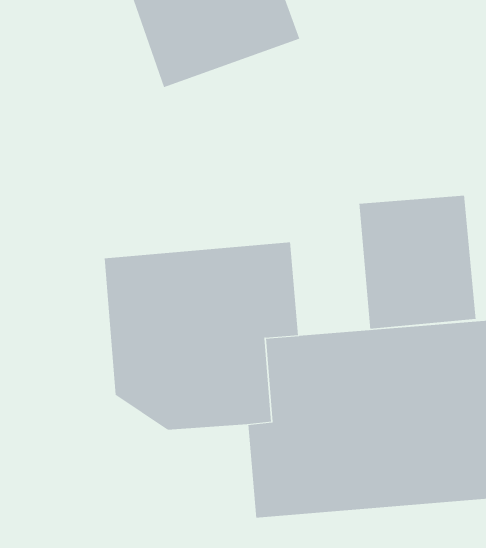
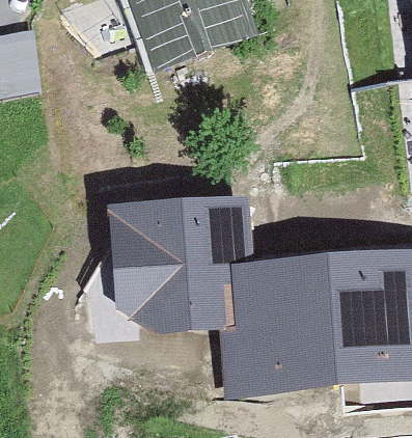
building: [359,195,476,330] -> none

